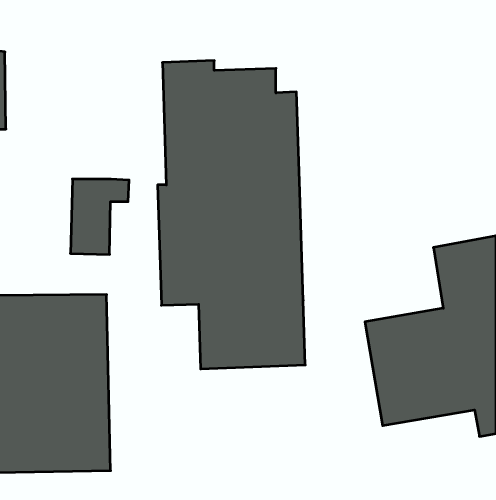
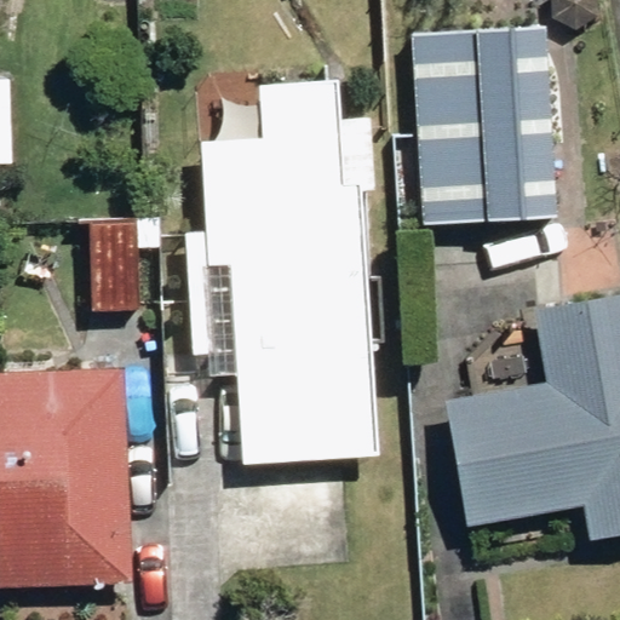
building: none -> [407,40,545,235]

